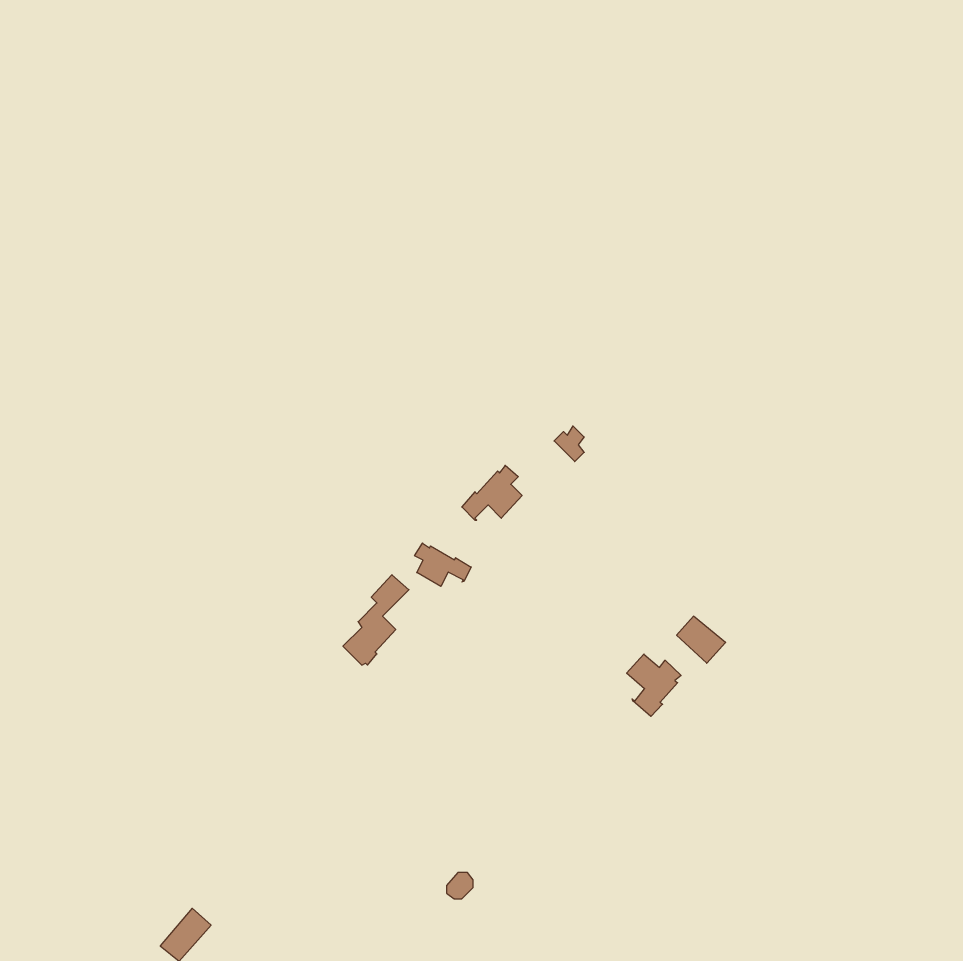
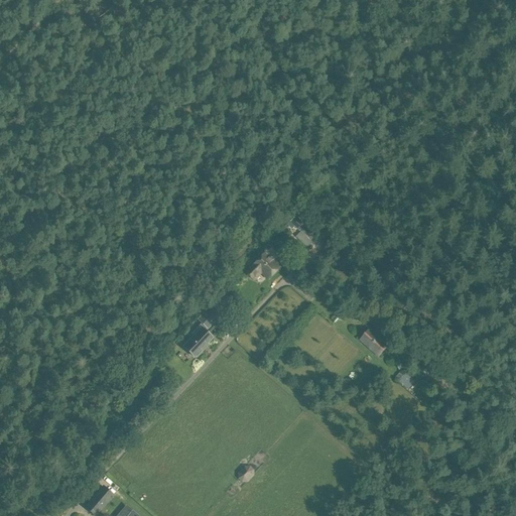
building: [415,543,471,586] -> none
building: [627,654,681,716] -> none

